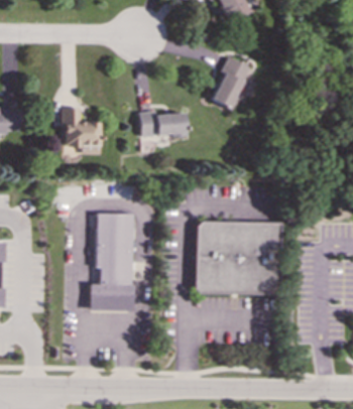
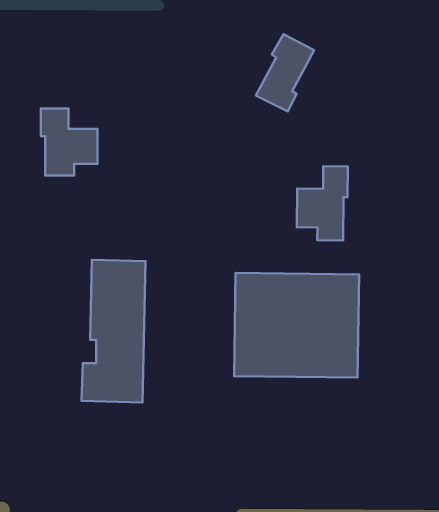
building: [138,112,186,137] -> none
building: none -> [297,166,348,241]

